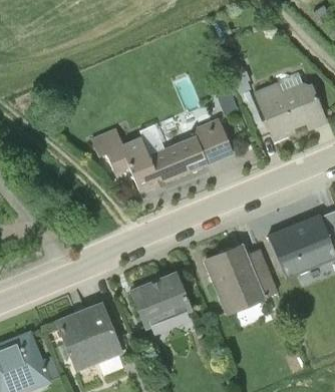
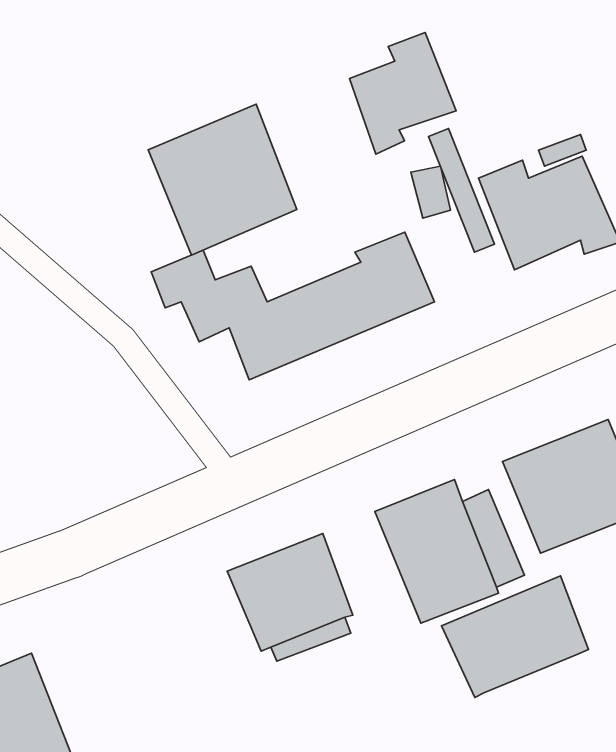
building: none -> [350,33,456,154]
building: none -> [148,104,297,255]
building: none -> [442,576,589,698]
building: [56,301,123,372] -> none

